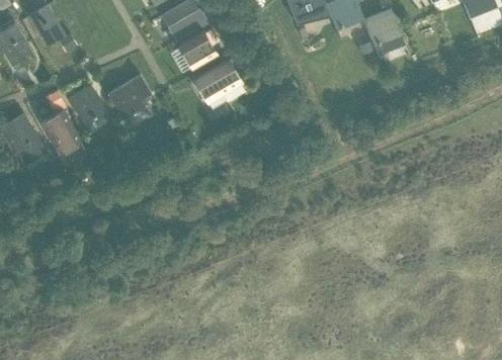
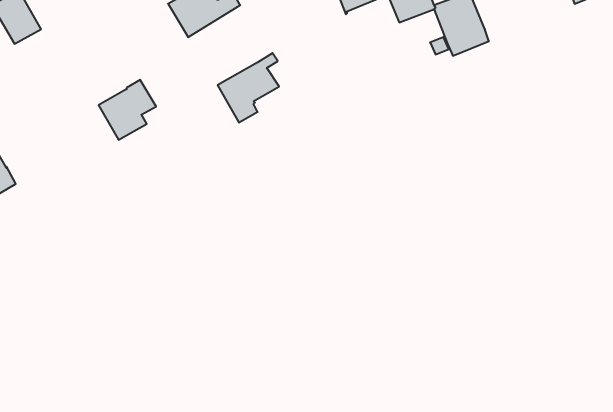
building: [180,30,218,68] -> none
building: [69,86,105,123] -> none
building: [43,111,82,155] -> none

